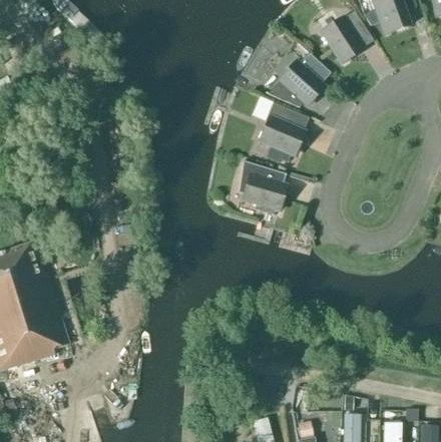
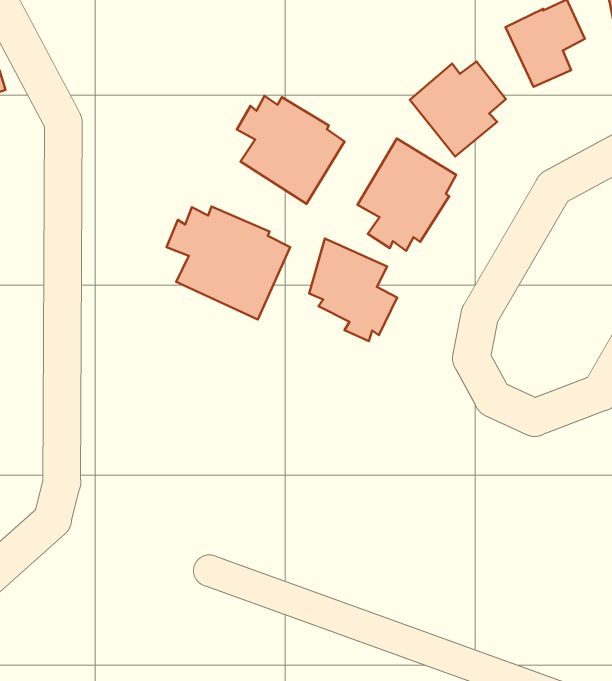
building: none -> [237,96,345,204]
building: none -> [167,207,290,320]

